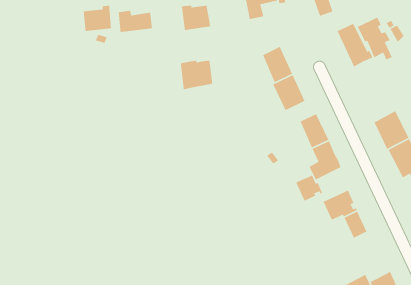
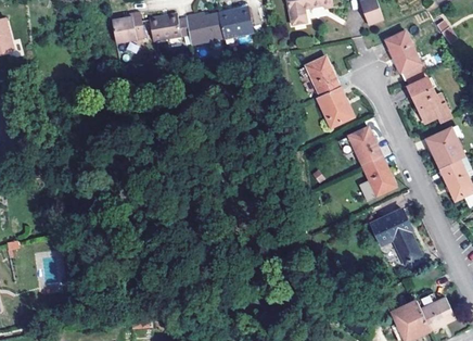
building: [357,16,393,61] -> [408,75,447,123]
building: [180,60,213,90] -> [186,13,221,46]
building: [295,175,323,202] -> none

